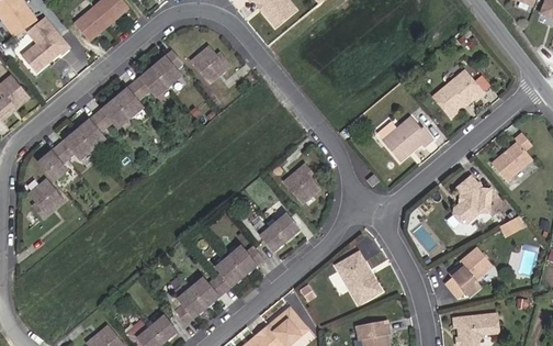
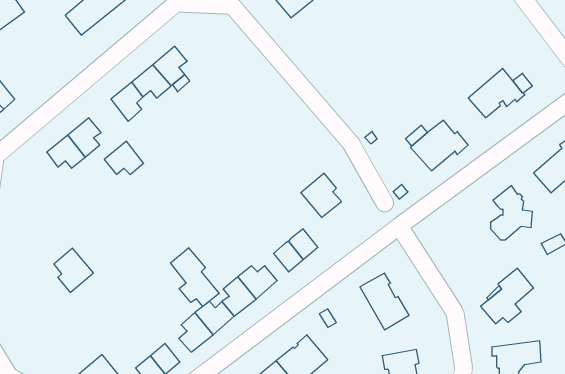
building: [22,19,68,70] -> none
building: [191,46,229,82] -> none
building: [94,98,129,127] -> [104,141,144,174]
building: [37,145,67,181] -> none
building: [29,179,64,219] -> [54,248,93,292]
building: none -> [170,248,219,307]

